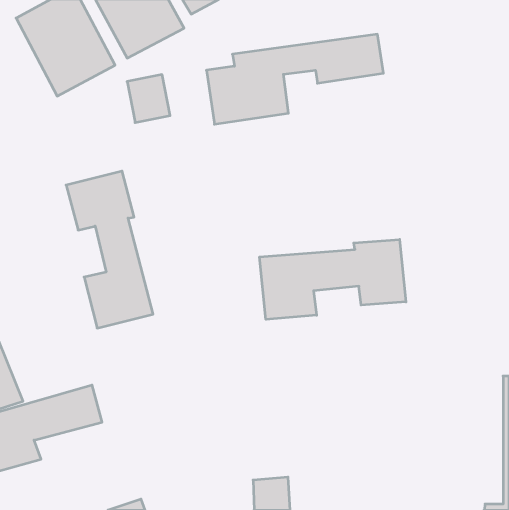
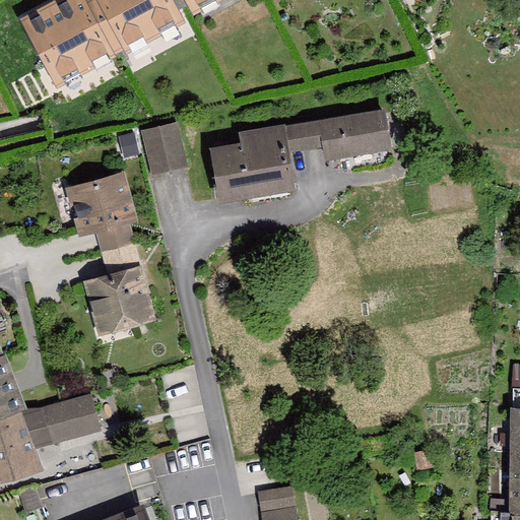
building: [206,34,383,124] -> [211,110,391,201]
building: [127,75,170,123] -> [142,123,186,172]
building: [260,239,406,319] -> none

